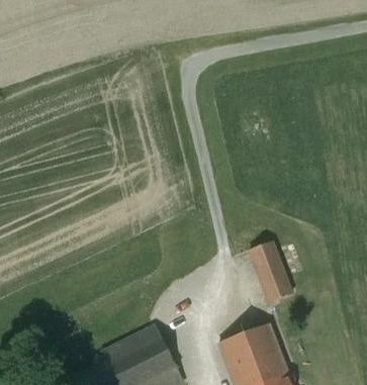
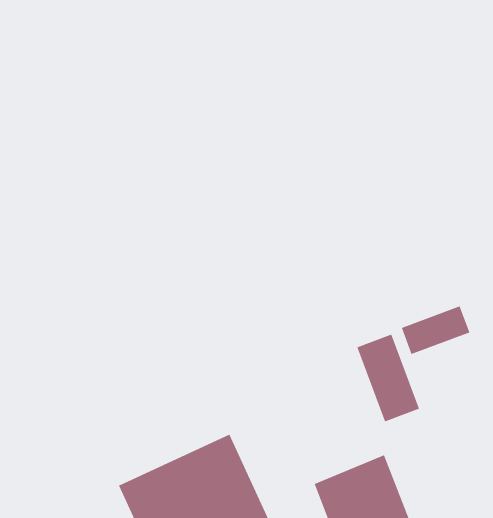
building: none -> [401,305,470,355]

